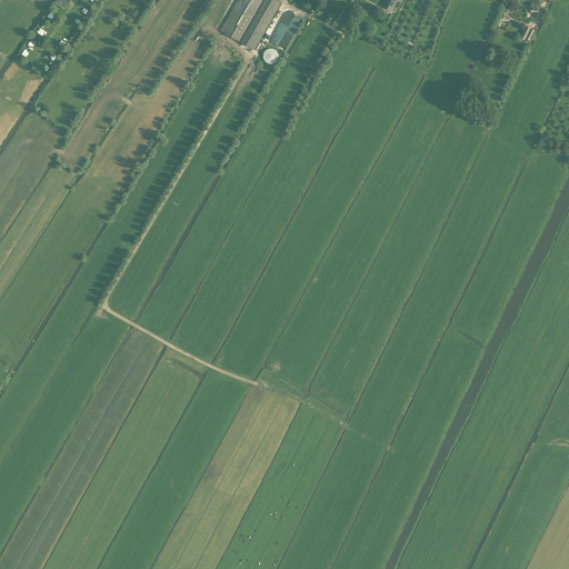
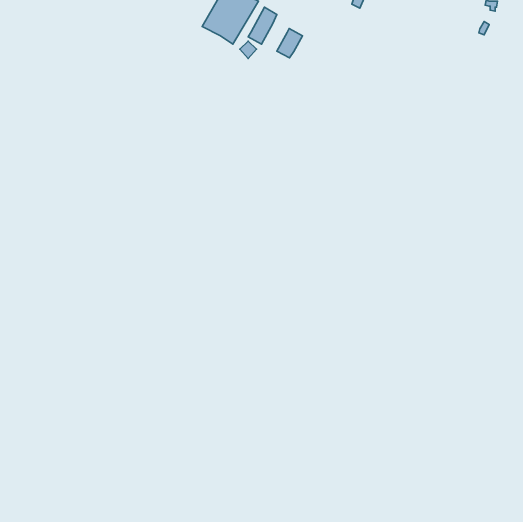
building: none -> [277,29,302,58]

